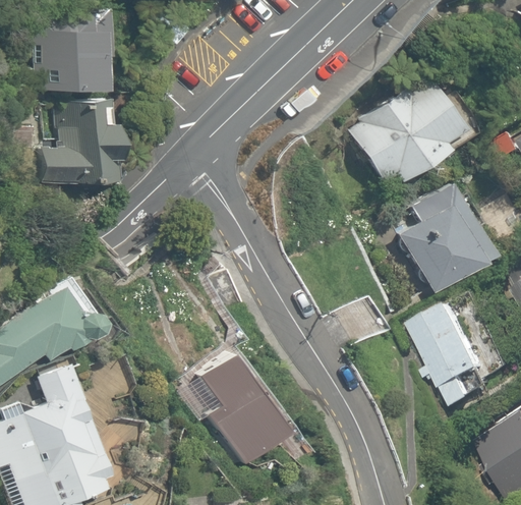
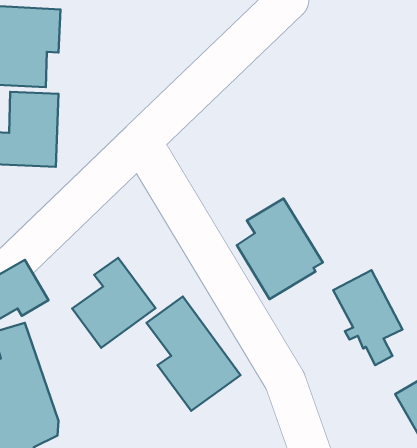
building: [349,76,466,182] -> none
building: [398,182,494,294] -> [237,199,323,299]
building: none -> [72,258,155,348]

